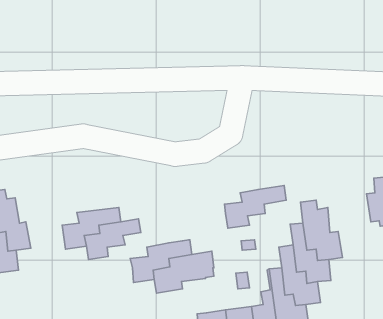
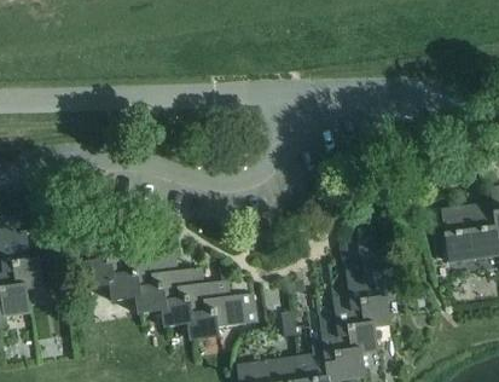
building: [225,185,286,228] -> [133,266,204,316]

